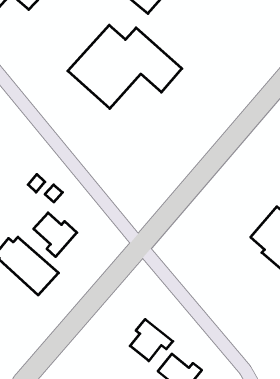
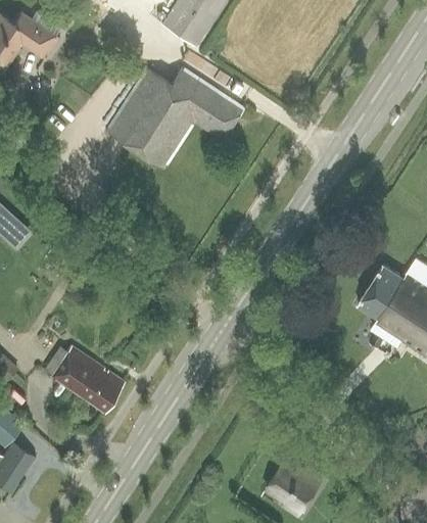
building: [34,213,77,257] -> none
building: [130,319,173,361] -> none

